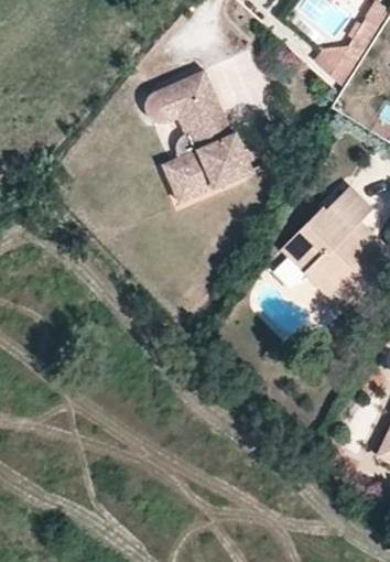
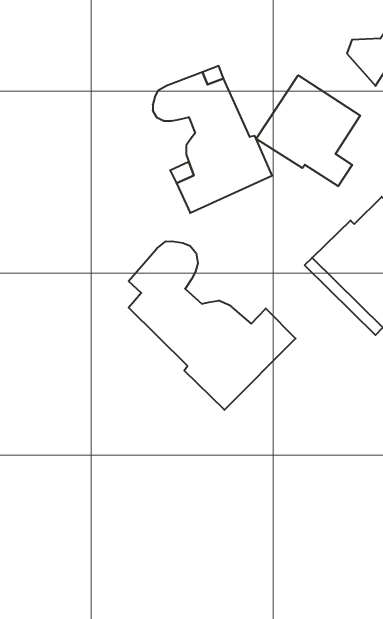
building: none -> [256,75,360,186]
building: none -> [129,241,296,410]

